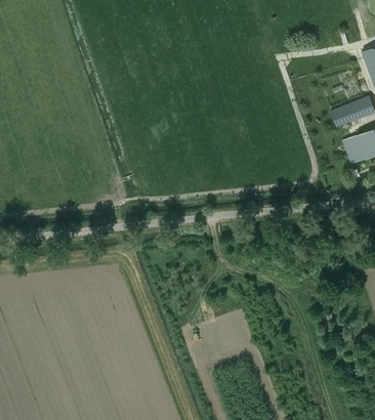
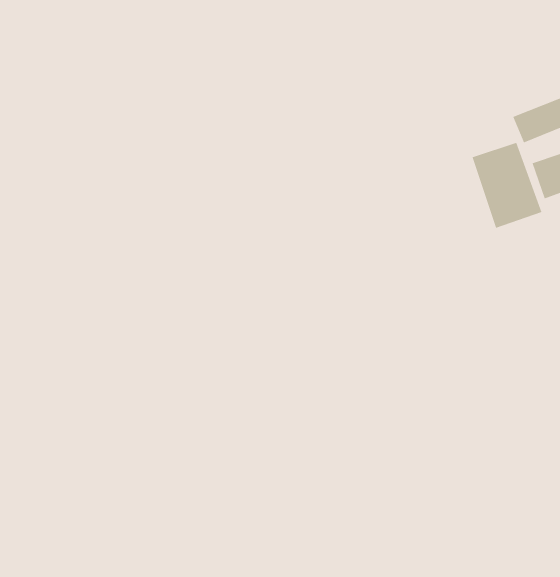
building: none -> [471,142,542,229]

